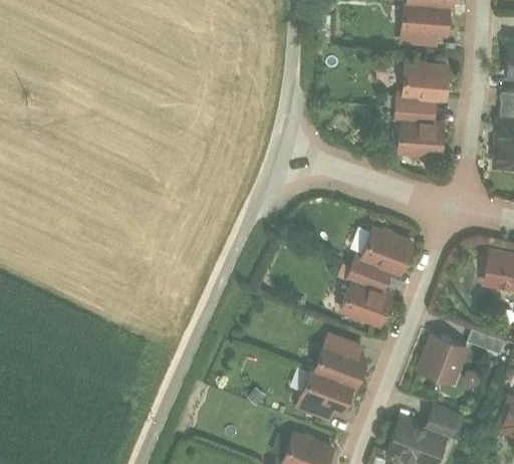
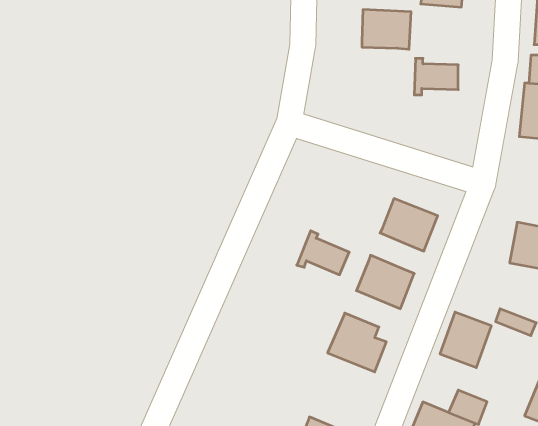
building: [402,63,448,100] -> [362,10,411,49]
building: [399,122,445,159] -> none
building: [343,250,393,291] -> [297,231,349,275]
building: [297,370,356,420] -> none

